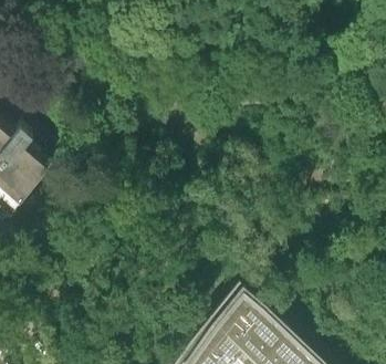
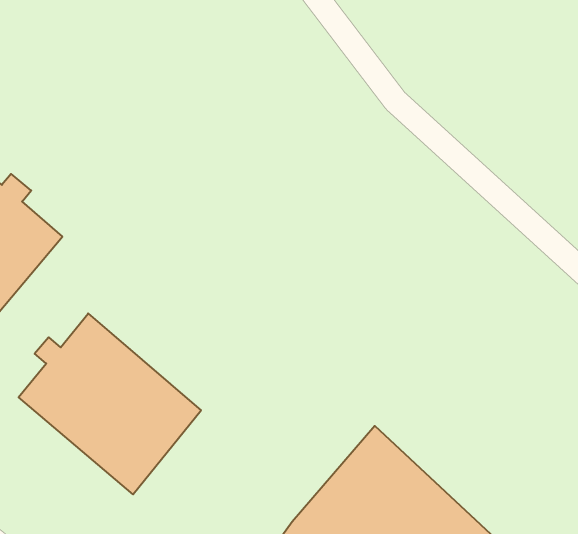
building: none -> [19,313,201,494]

